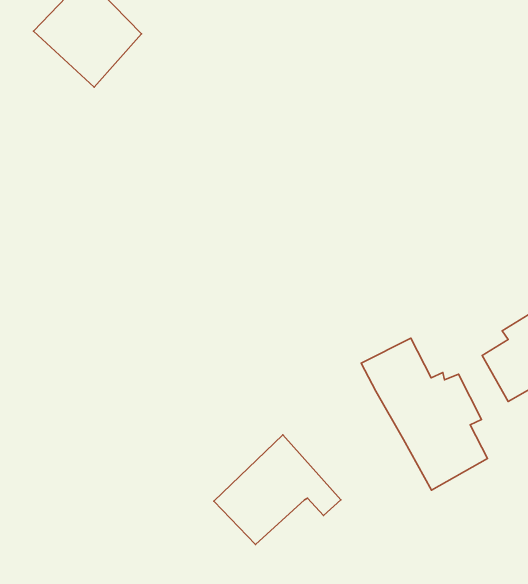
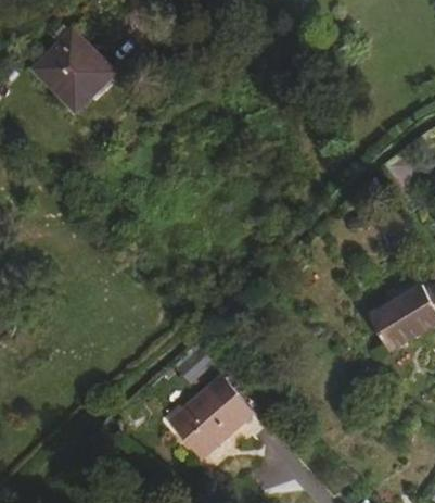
building: [361,338,488,490] -> none

